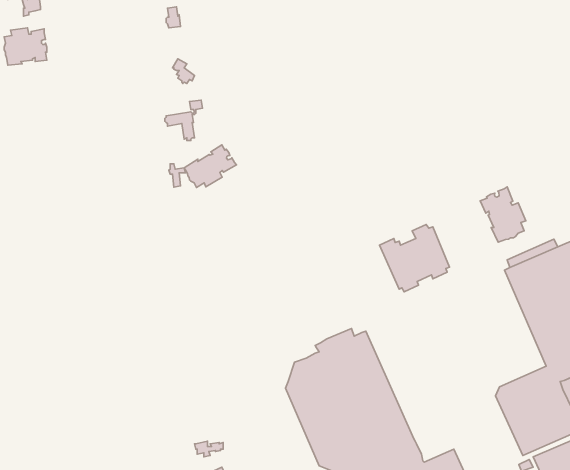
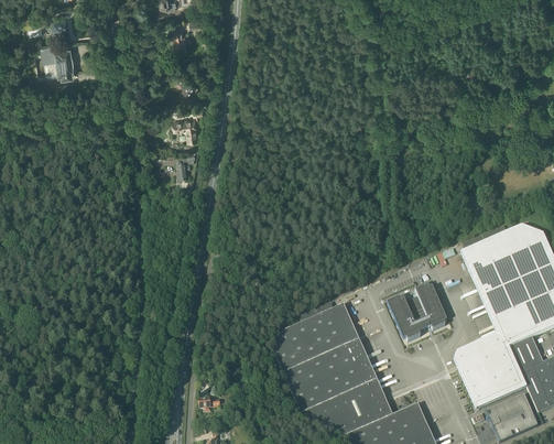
building: [184,145,237,187] -> none
building: [480,187,526,242] -> none
building: [380,224,450,292] -> [388,285,447,343]

